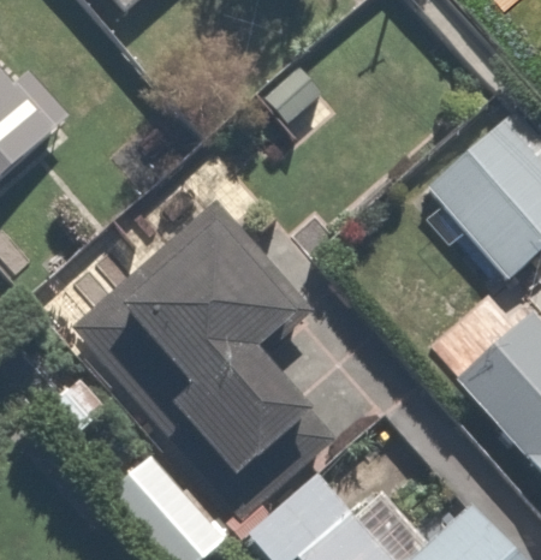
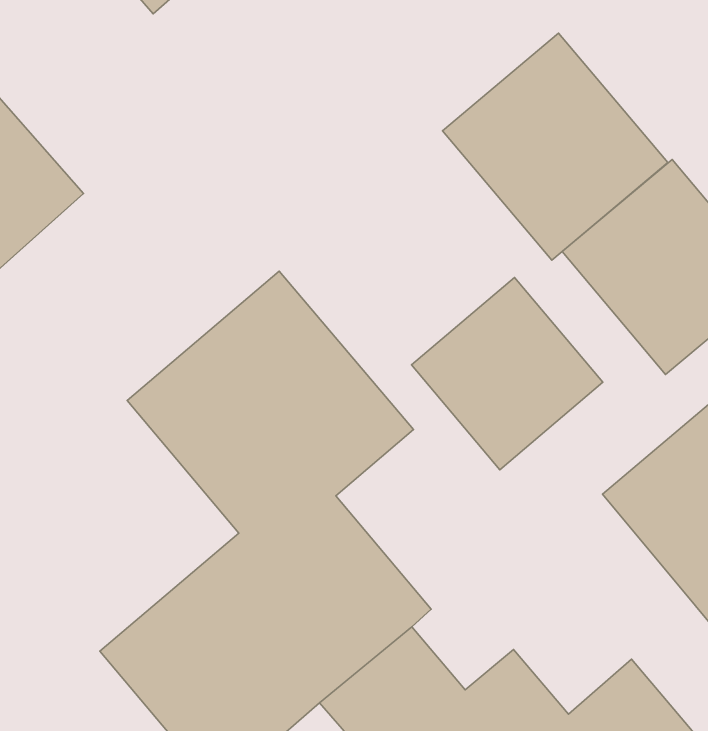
building: none -> [443,33,668,260]
building: none -> [411,277,603,470]

